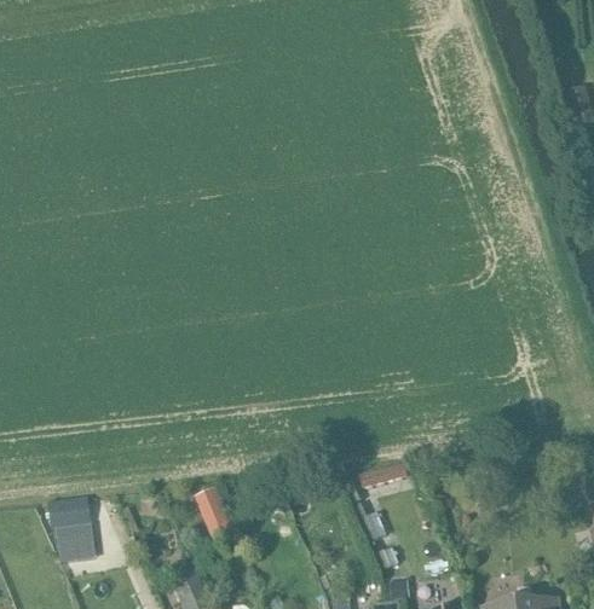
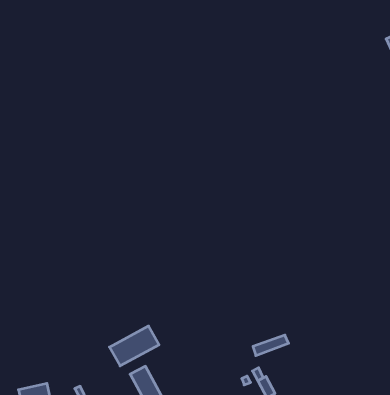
building: none -> [109,326,159,366]

